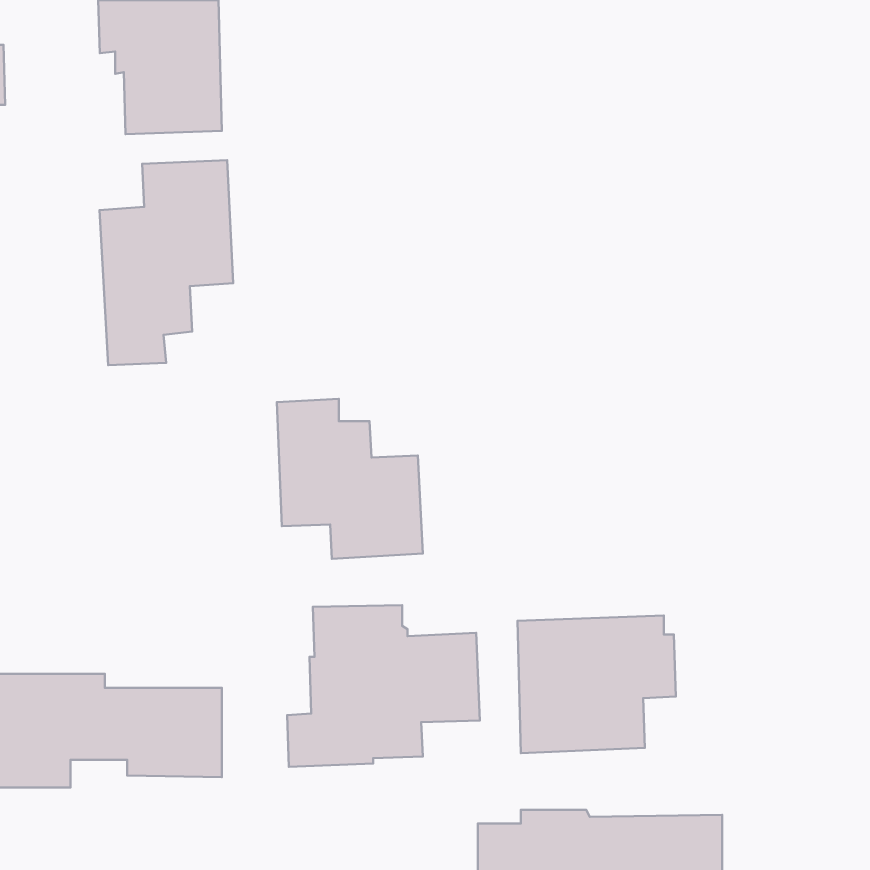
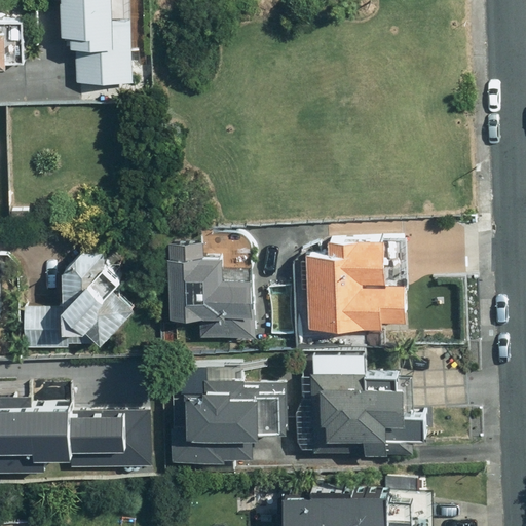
building: [99,160,233,365] -> none
building: none -> [303,240,407,331]
building: none -> [22,248,129,351]

